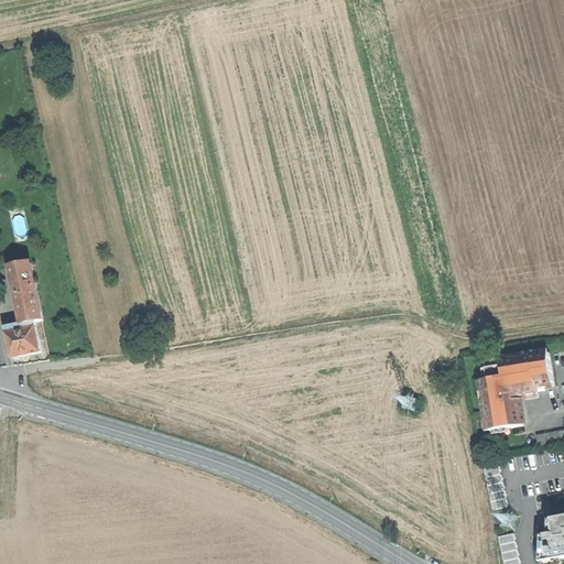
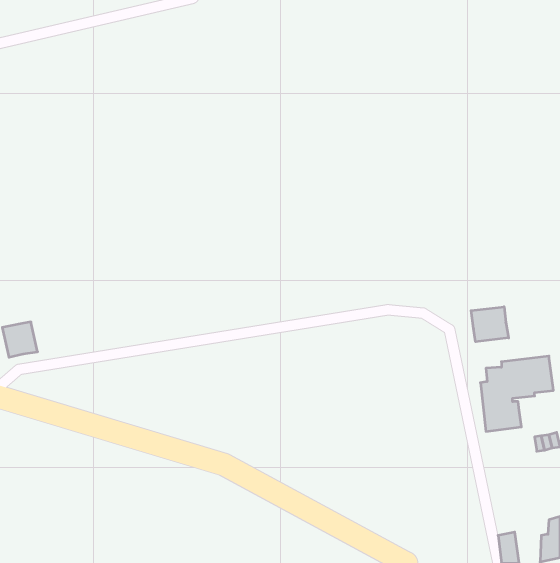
building: [7,261,37,323] -> none
building: none -> [471,307,509,342]

